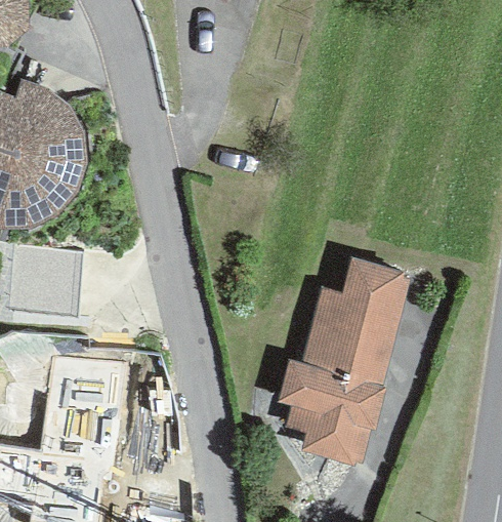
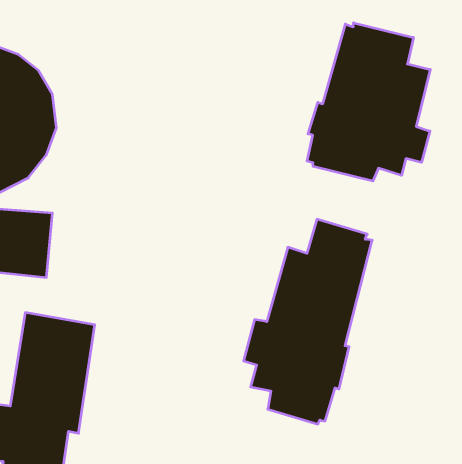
building: none -> [307,23,430,181]

